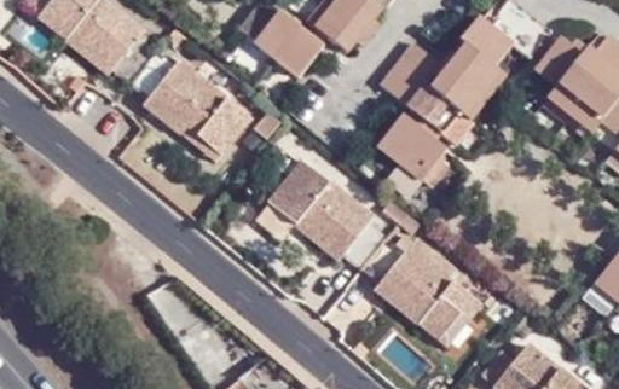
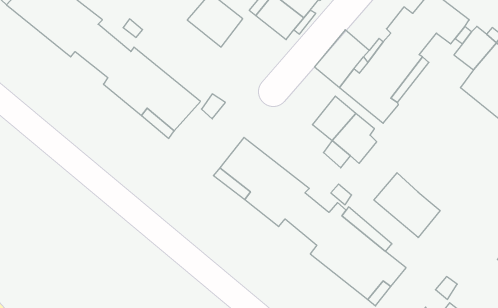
building: [276,29,323,79] -> none
building: none -> [374,173,440,238]

